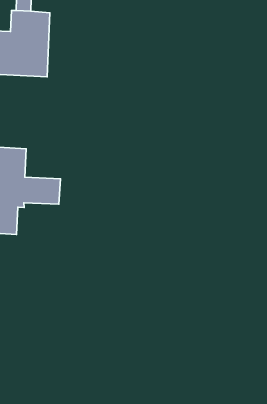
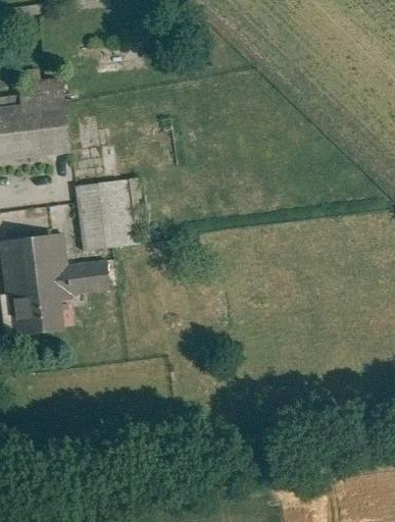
building: none -> [75,178,139,250]

